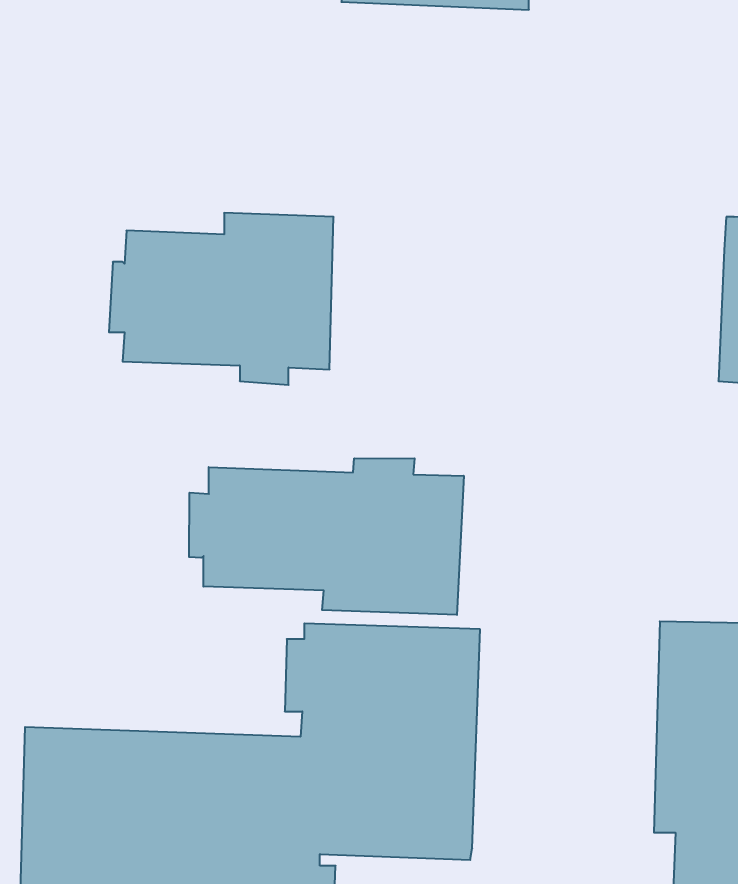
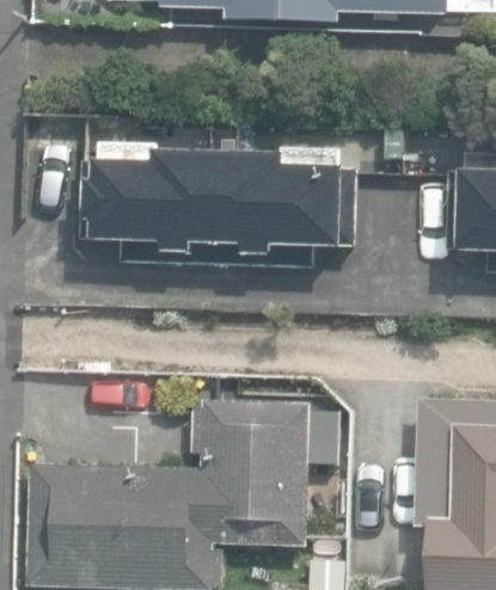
building: none -> [219,152,359,256]
building: [189,458,464,615] -> none

